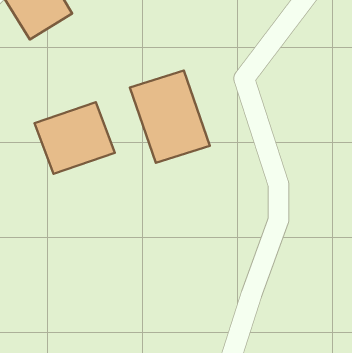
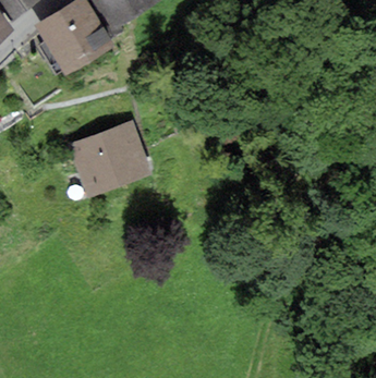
building: [130,70,210,163] -> none

